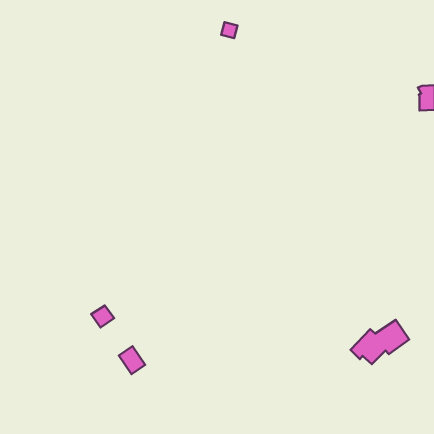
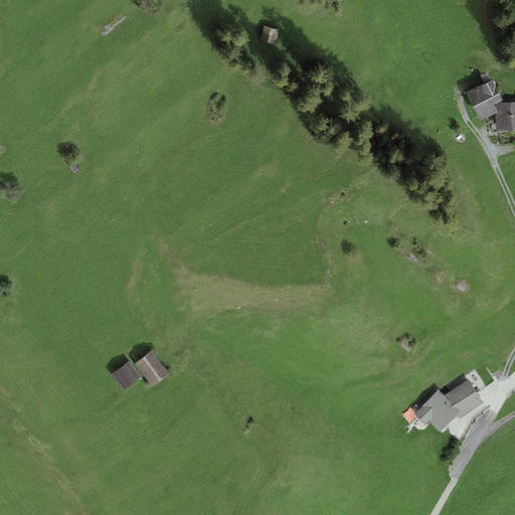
building: none -> [467,79,504,120]
building: [119,346,145,374] -> [131,352,162,385]

